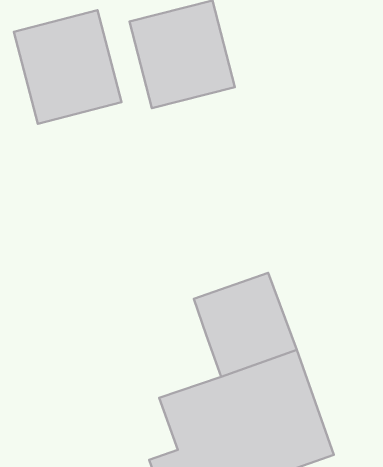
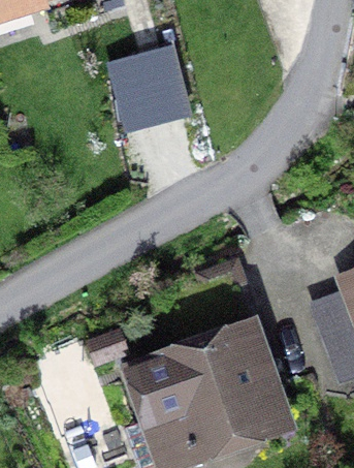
building: [14,10,121,124] -> none

